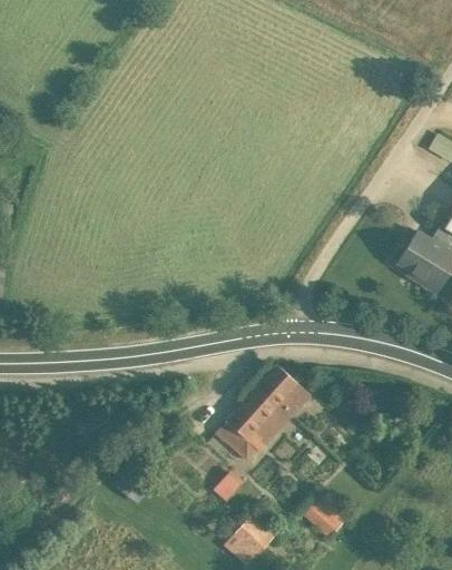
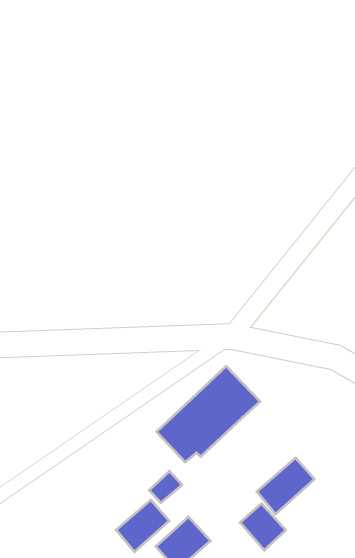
building: none -> [257,458,314,514]
building: none -> [116,500,169,552]

